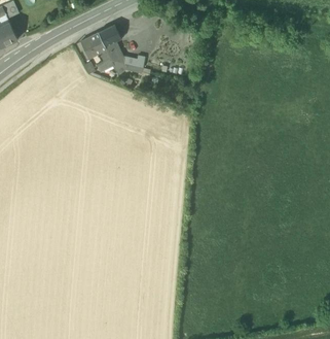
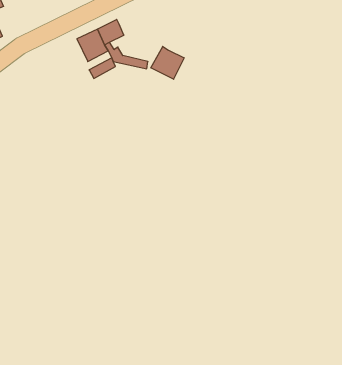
building: none -> [151,46,184,79]

